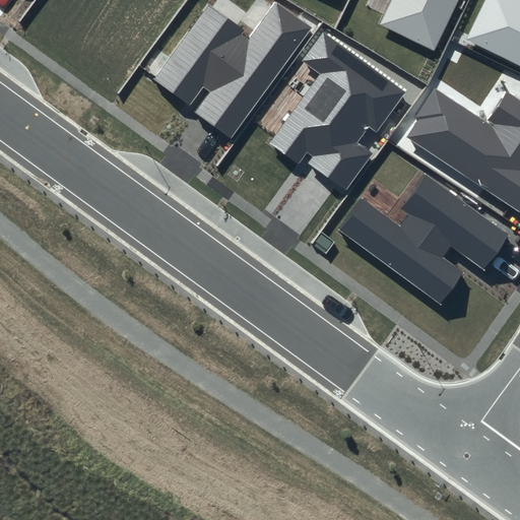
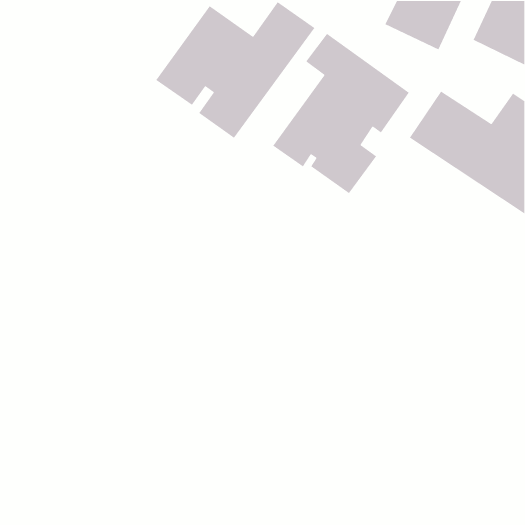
building: [338,174,508,303] -> none

